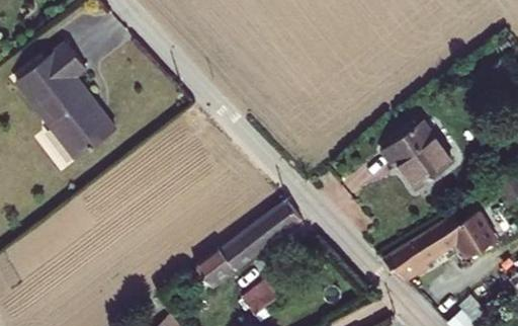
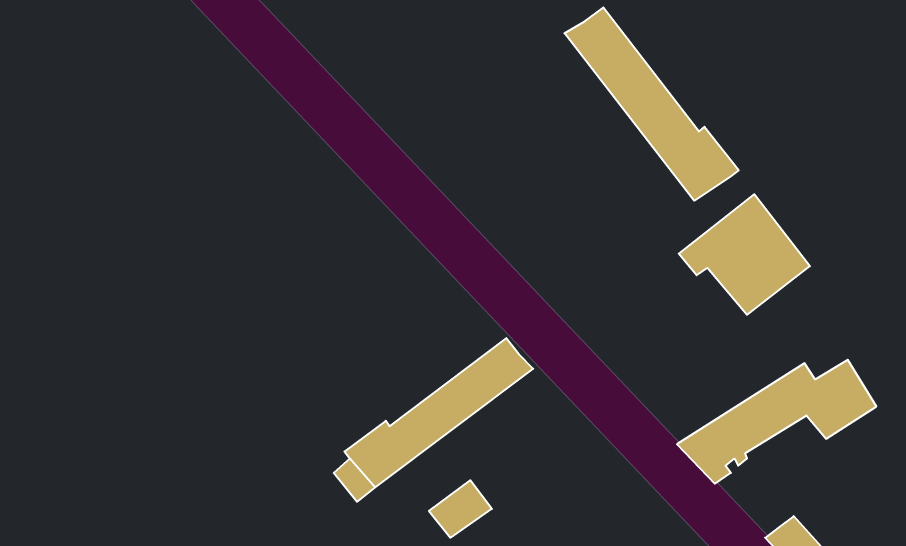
building: none -> [564,7,739,201]
building: [19,43,114,159] -> none

